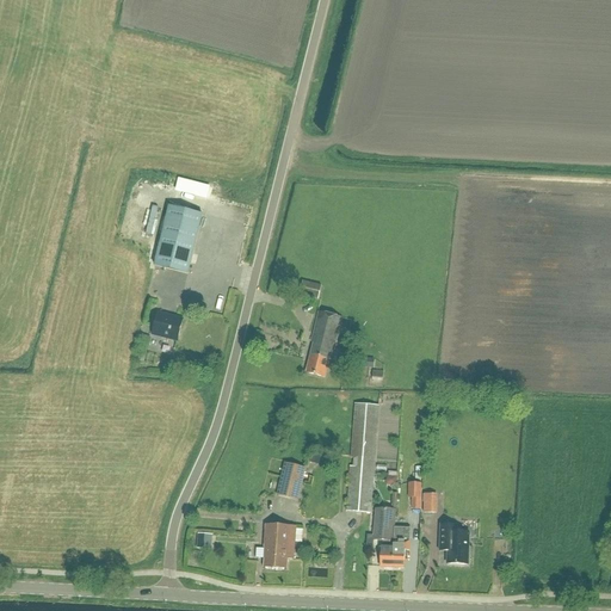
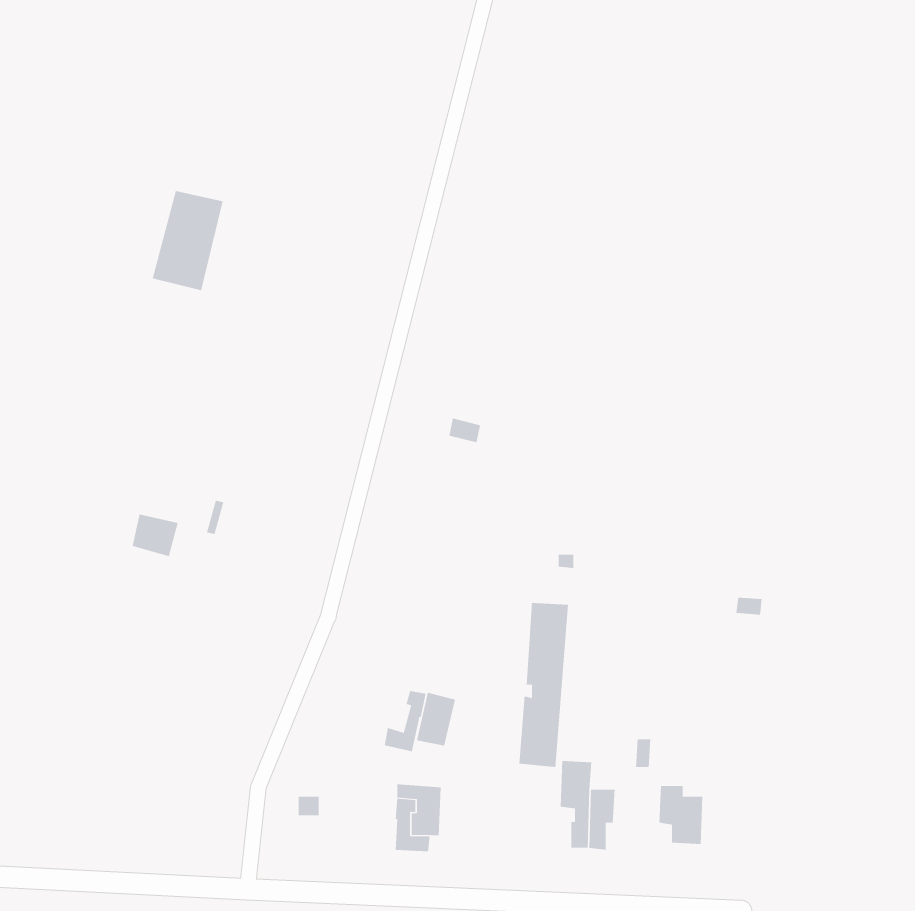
building: [153,204,200,271] -> [152,191,223,291]
building: [304,309,340,375] -> none
building: [152,310,183,339] -> [132,514,178,557]
building: none -> [384,690,426,752]

